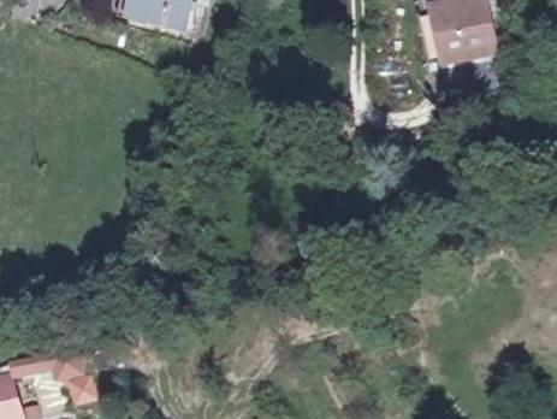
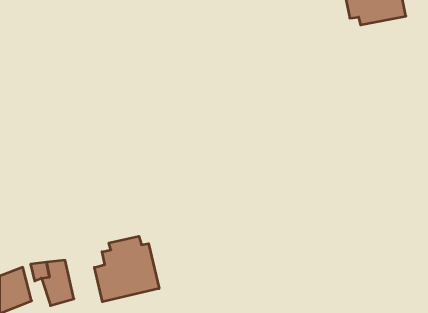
building: none -> [94,236,159,302]

